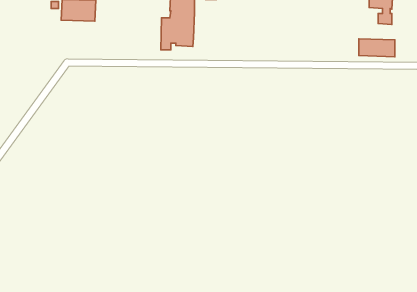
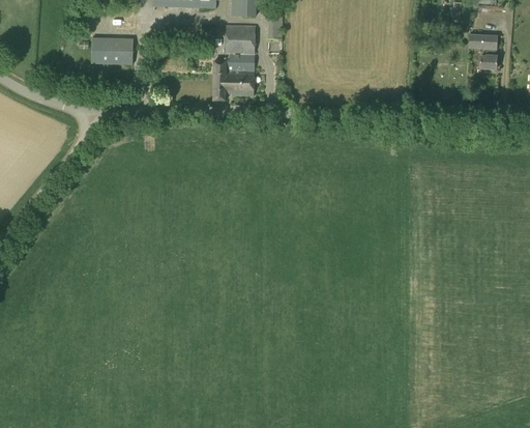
building: [359,39,395,57] -> none

